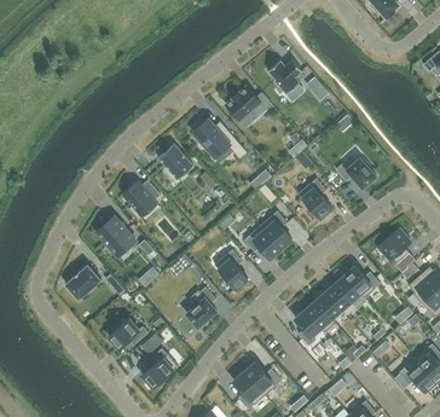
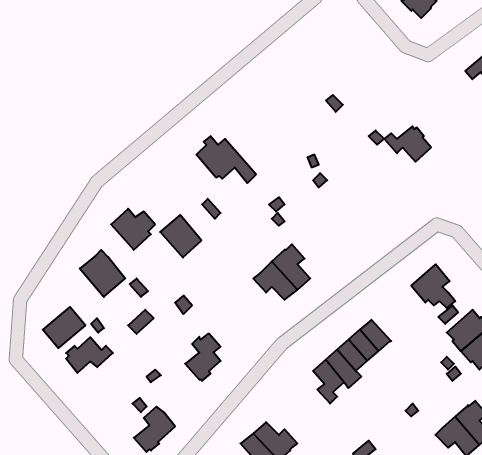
building: [268,59,306,93] -> none
building: [226,87,272,122] -> none
building: [157,143,192,179] -> [160,215,201,258]
building: [336,158,376,189] -> [384,126,431,162]
building: [299,179,332,219] -> none
building: [214,250,248,290] -> none
building: [345,266,381,299] -> none
building: [109,319,149,349] -> [66,337,113,373]

